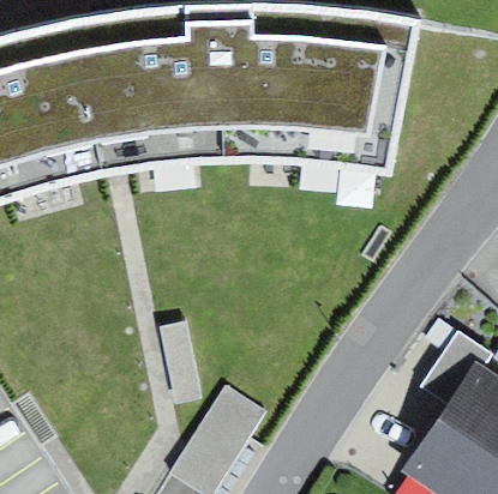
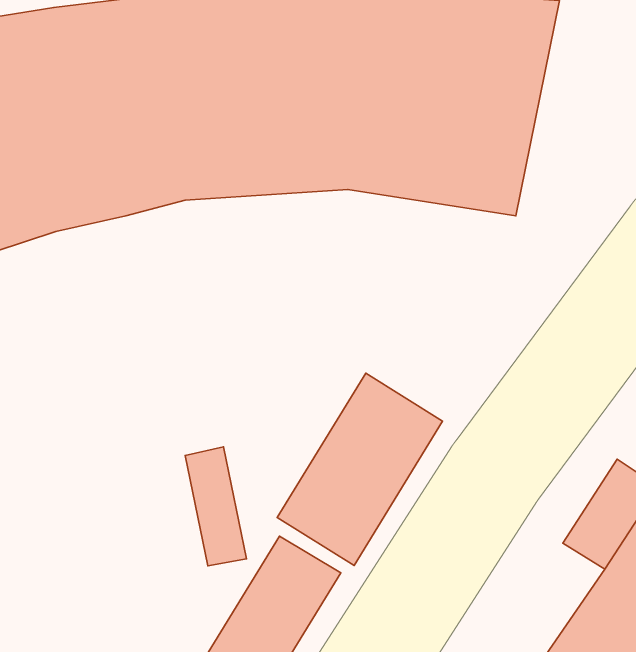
building: none -> [277,373,443,566]

